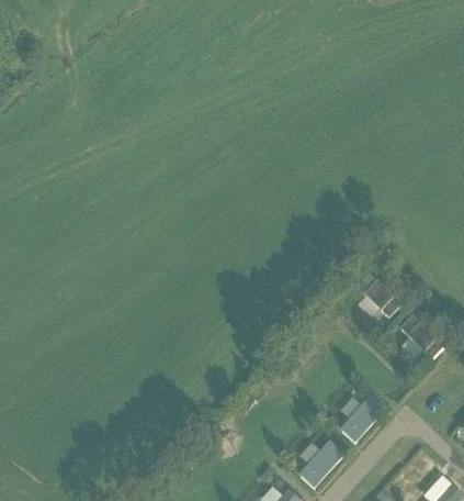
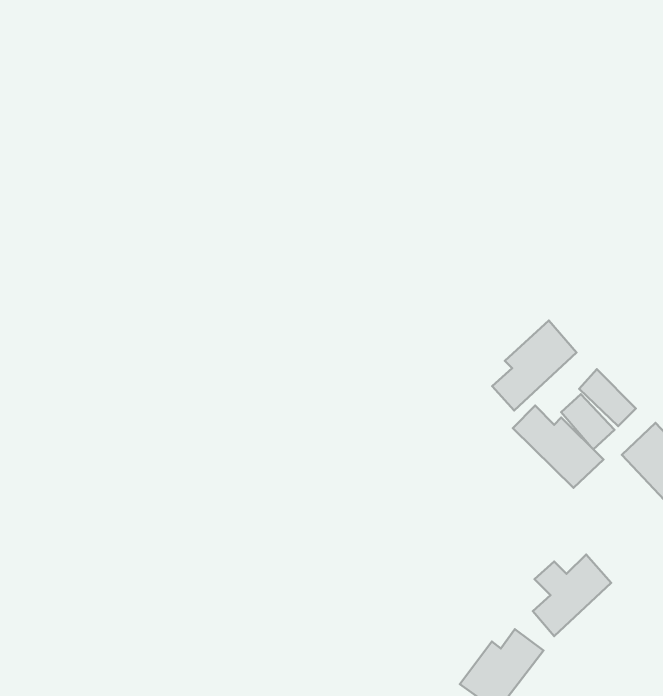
building: none -> [492,320,577,411]
building: none -> [513,405,603,488]

